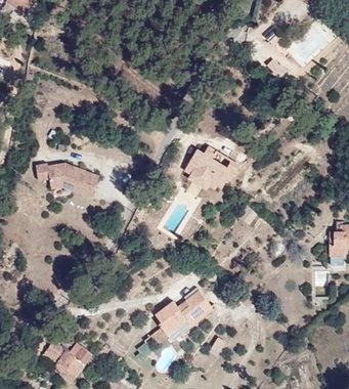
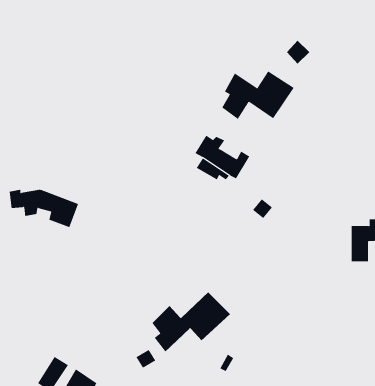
building: none -> [222,70,295,120]
building: [33,164,96,199] -> [9,189,79,228]

